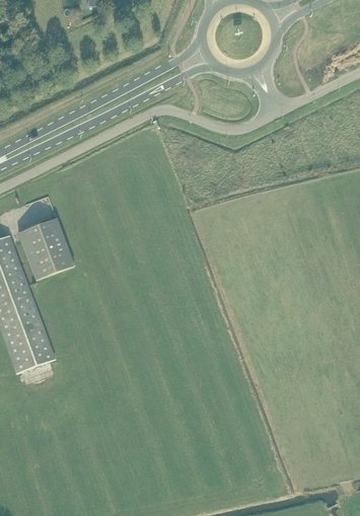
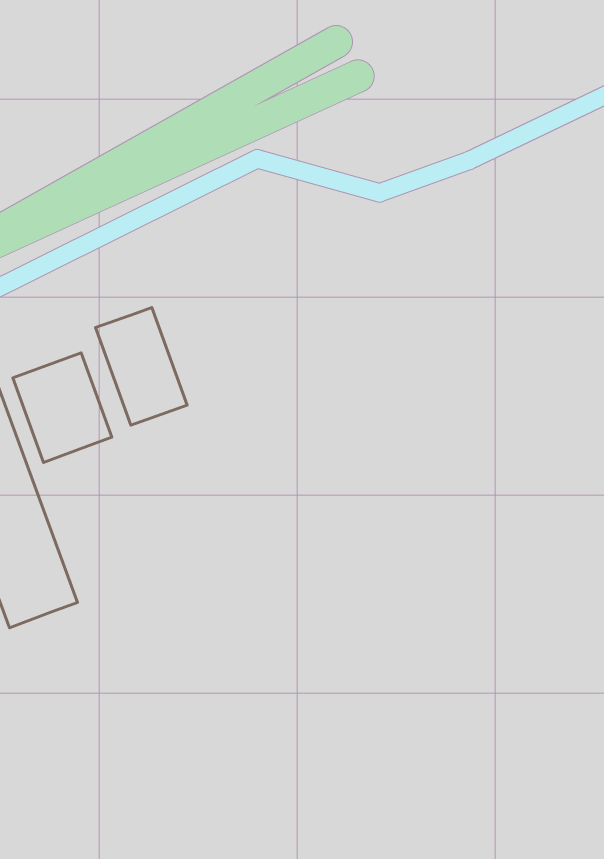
building: none -> [95,308,187,425]

